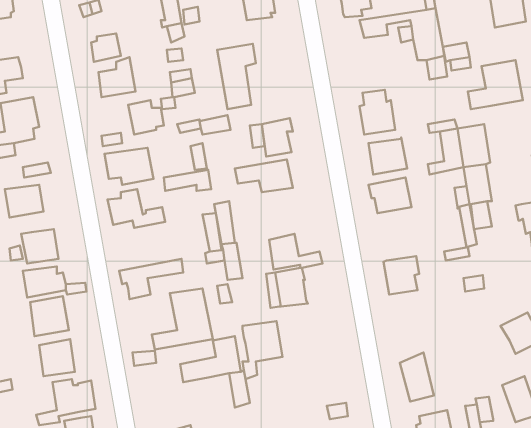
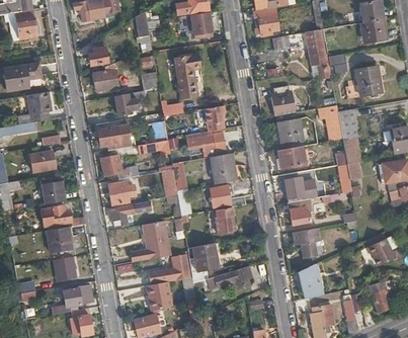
building: none -> [210,152,237,184]
building: none -> [284,176,316,199]
building: none -> [108,181,137,204]
building: none -> [292,228,321,258]
building: none -> [206,265,253,289]
building: none -> [146,281,172,311]

